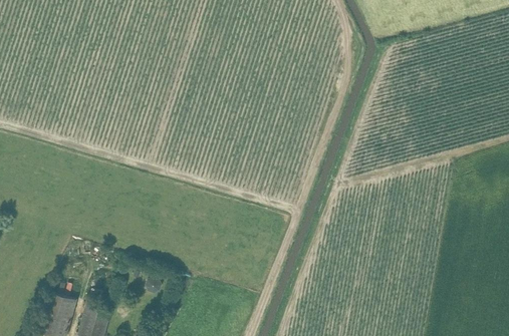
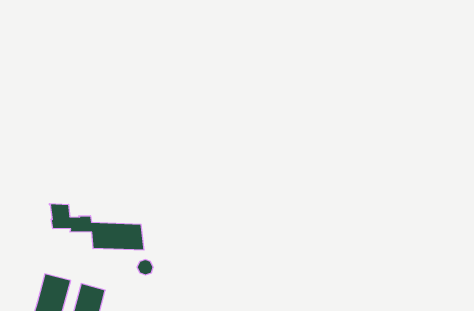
building: none -> [49,204,144,250]

